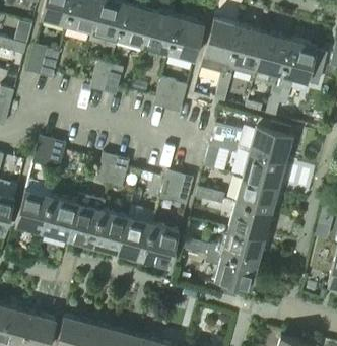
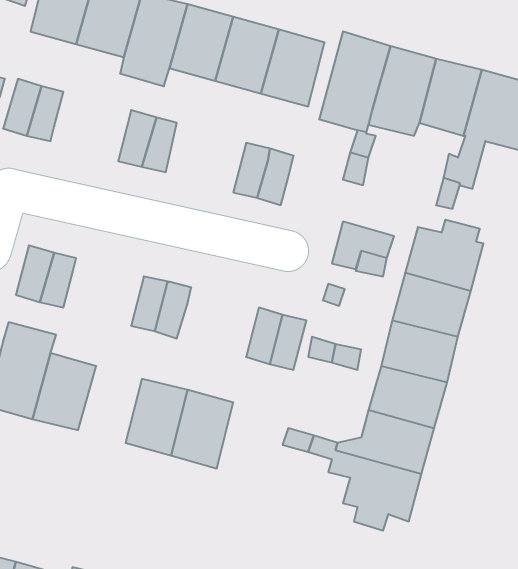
building: [67,194,106,247] -> none
building: [144,224,180,267] -> none

